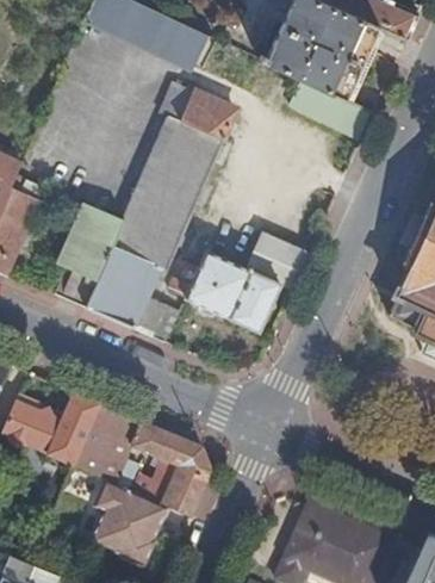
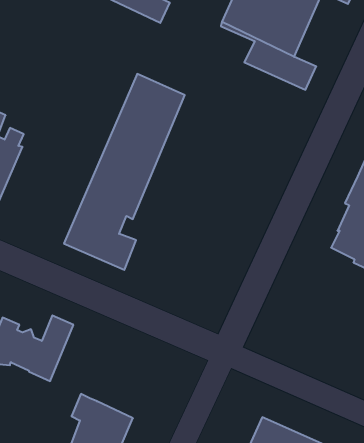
building: [160,82,235,141] -> none
building: [57,201,124,310] -> none
building: [169,234,309,330] -> none
building: [70,399,209,515] -> none

